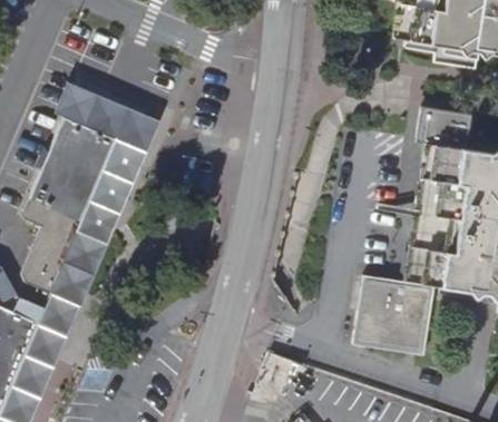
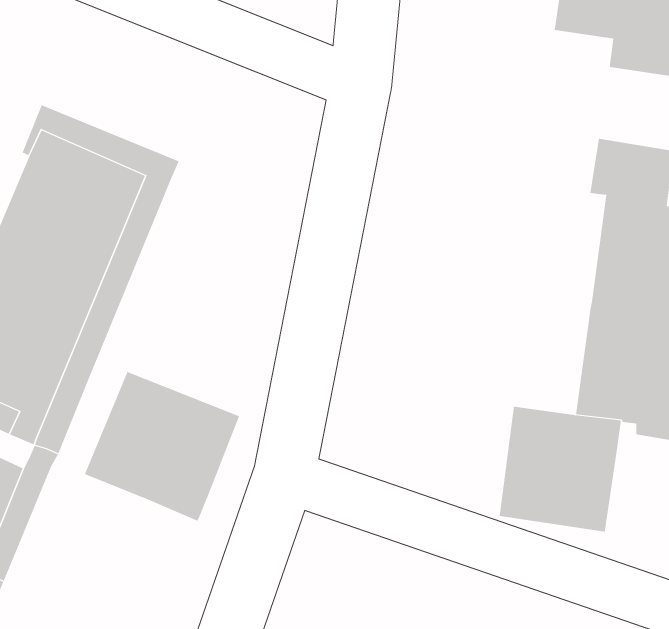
building: none -> [84,371,240,522]

